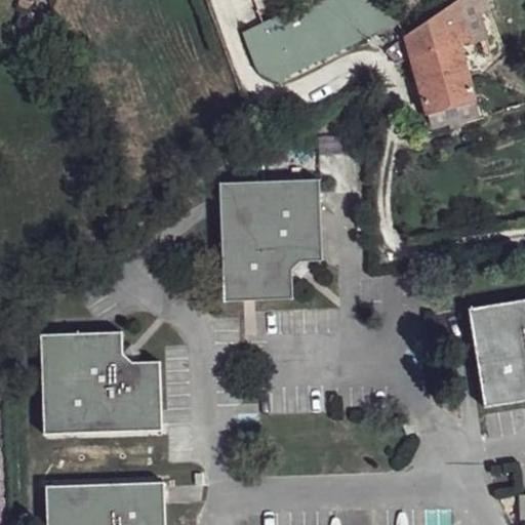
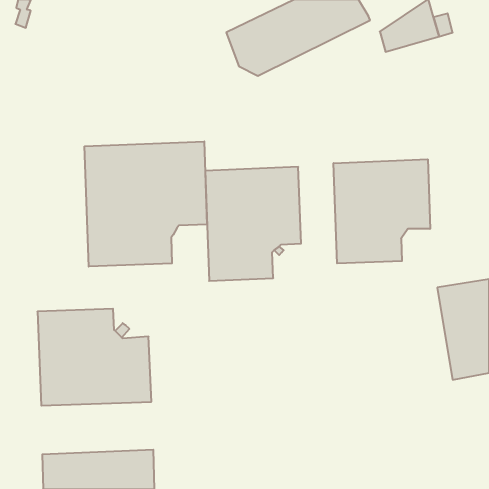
building: [412,42,478,126] -> none
building: none -> [85,141,207,267]
building: none -> [334,159,430,263]

